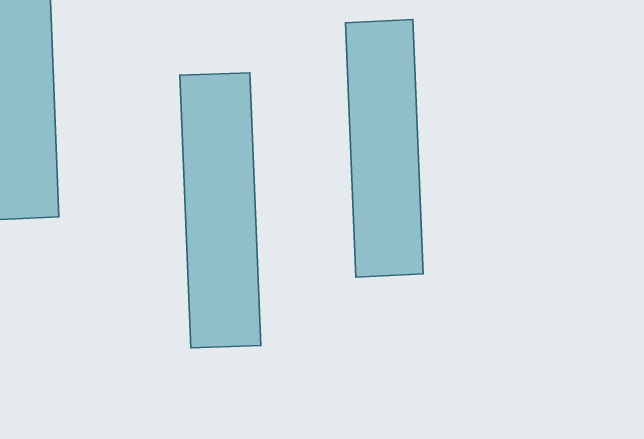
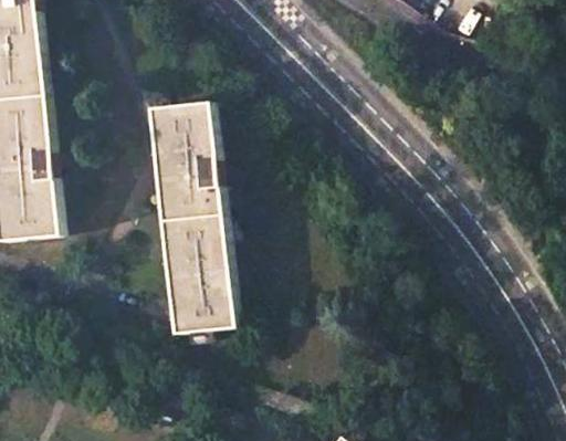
building: [345,20,423,277] -> none

